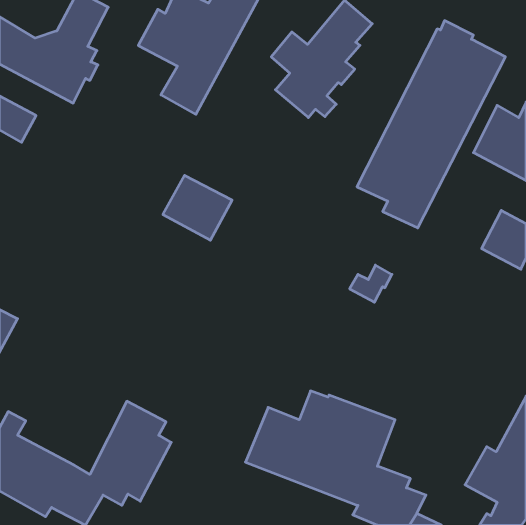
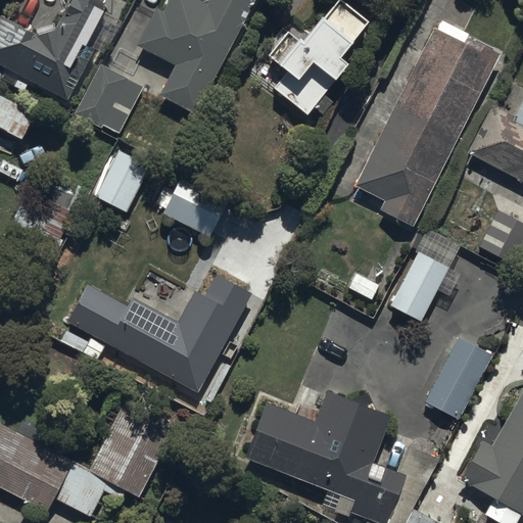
building: none -> [74,64,143,136]
building: none -> [94,150,149,211]
building: none -> [389,251,448,323]
building: none -> [65,275,252,393]
building: none -> [424,336,492,419]

